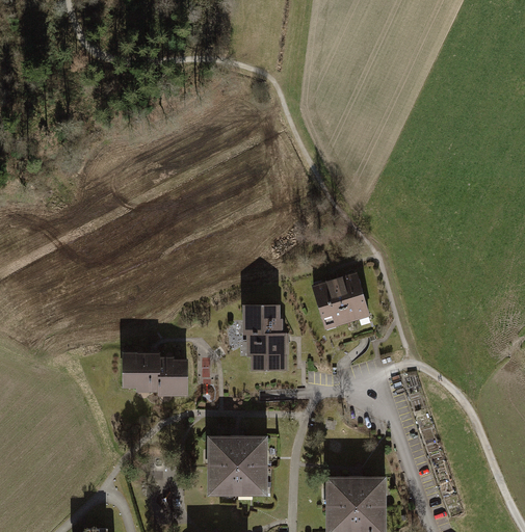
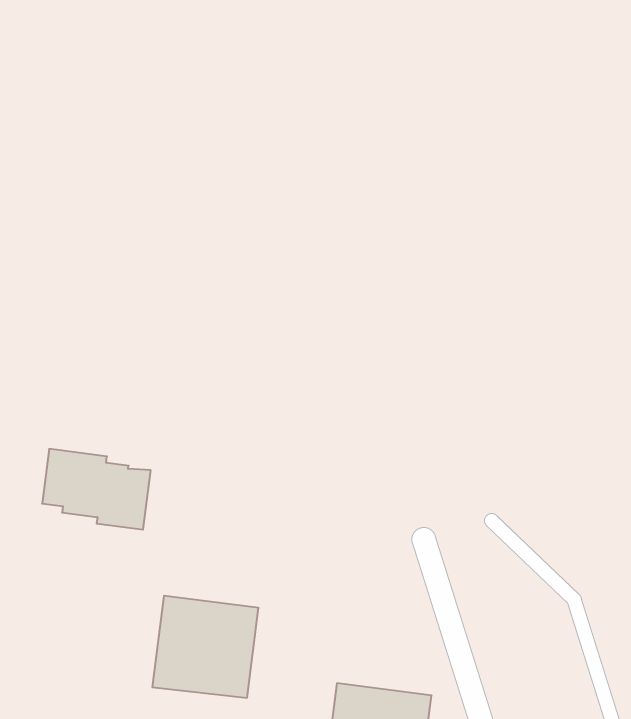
building: [311,271,369,328] -> none
building: [242,304,288,371] -> none

